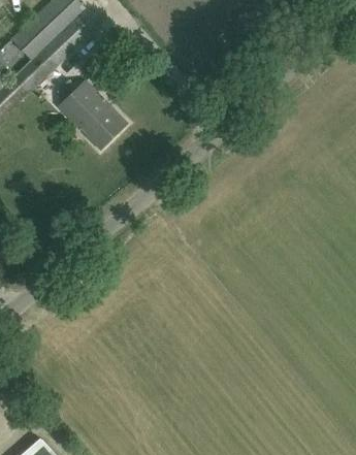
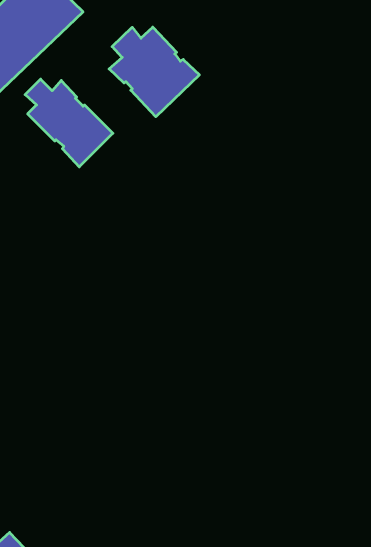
building: none -> [109,27,199,117]

